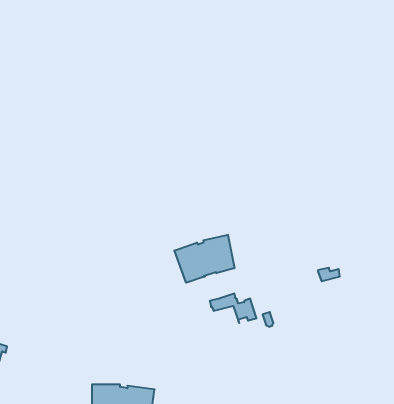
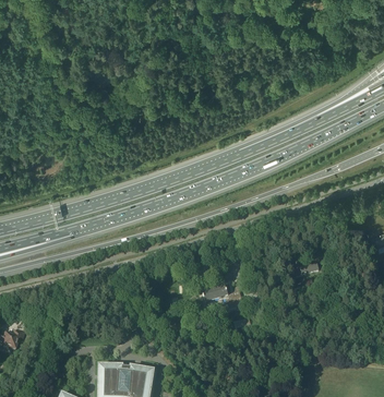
building: [174,235,234,283] -> none

